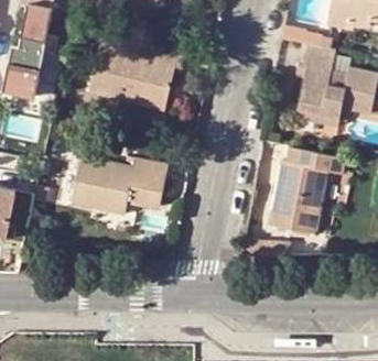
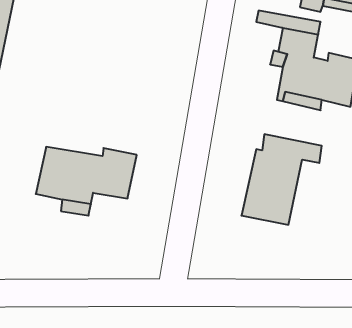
building: [88,43,186,110] -> none

